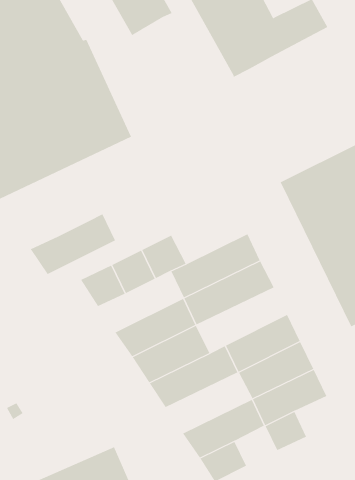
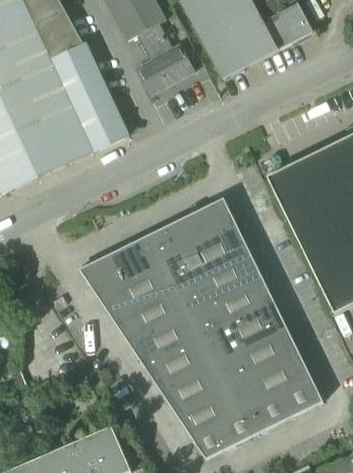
building: none -> [135,22,194,95]
building: none -> [165,198,237,254]
building: [30,214,116,275] -> [96,261,176,318]
building: none -> [189,276,274,338]
building: none -> [159,356,241,413]
building: none -> [281,378,323,416]
building: none -> [225,406,264,444]

